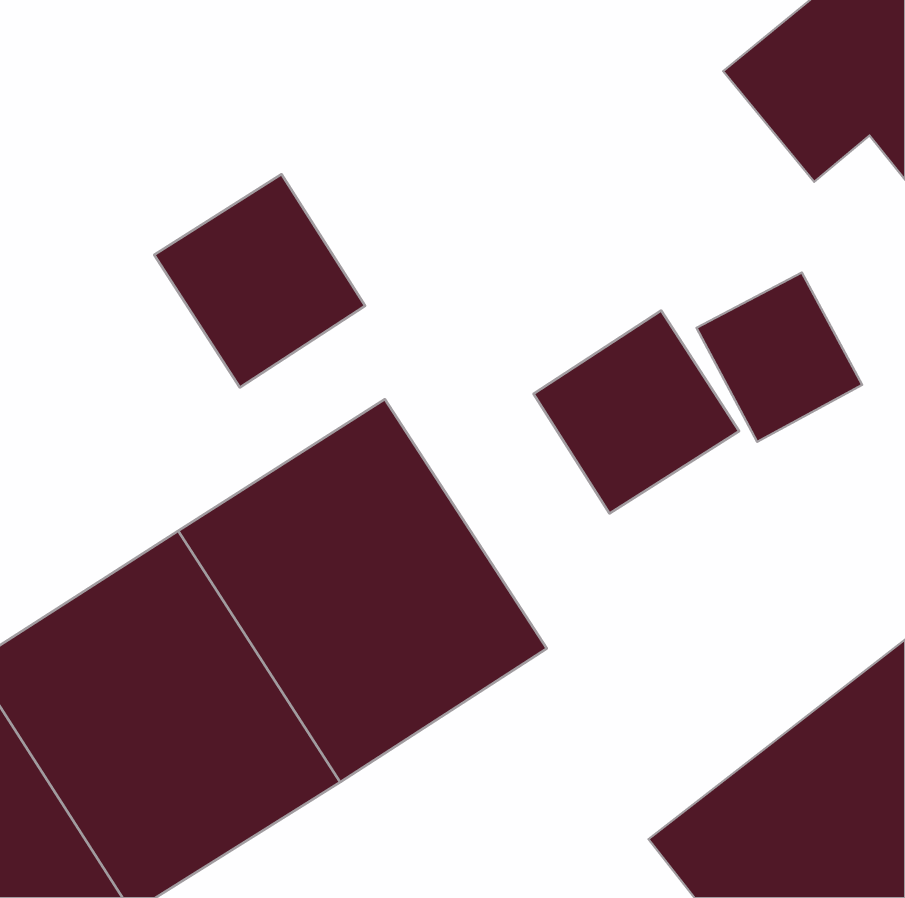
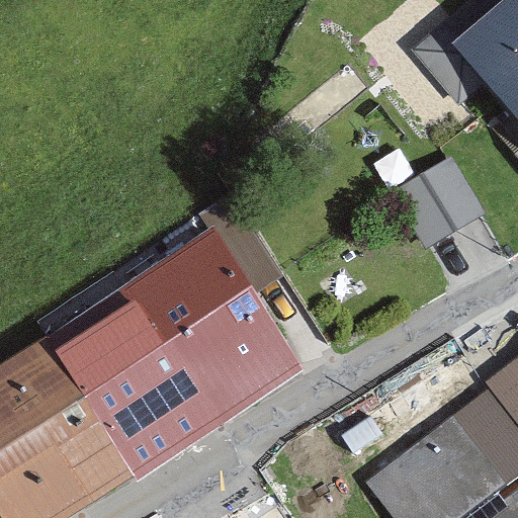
building: [154,174,365,387] -> none
building: [533,311,739,514] -> none

